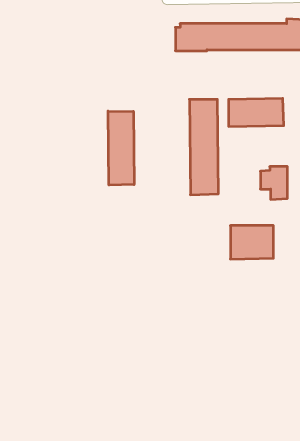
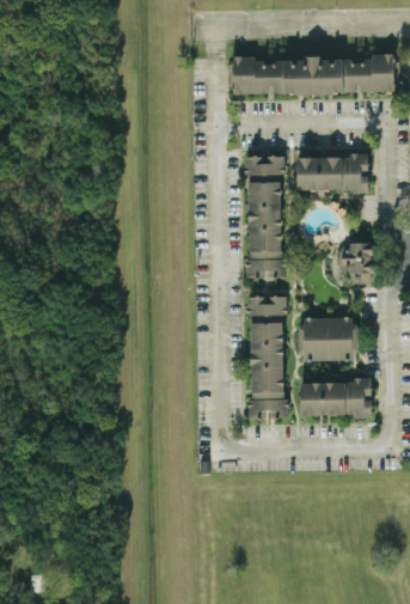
building: [108,111,134,185] -> none
building: none -> [250,297,287,419]
building: none -> [300,382,372,417]

